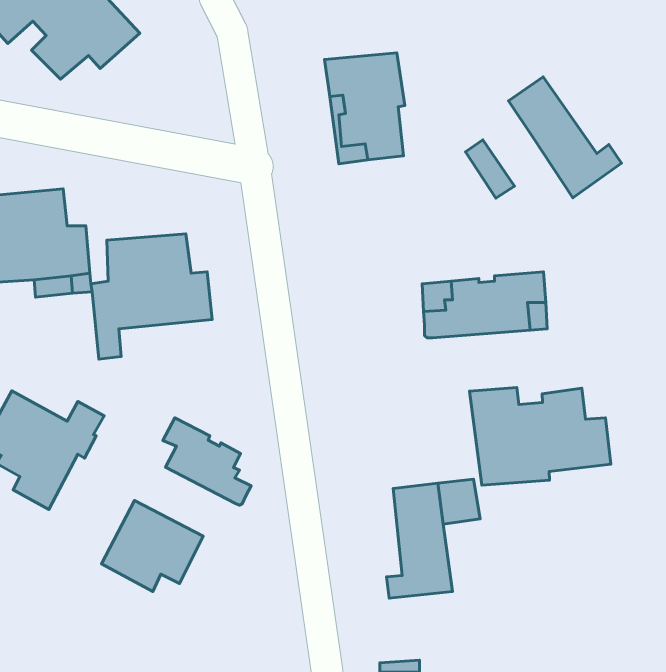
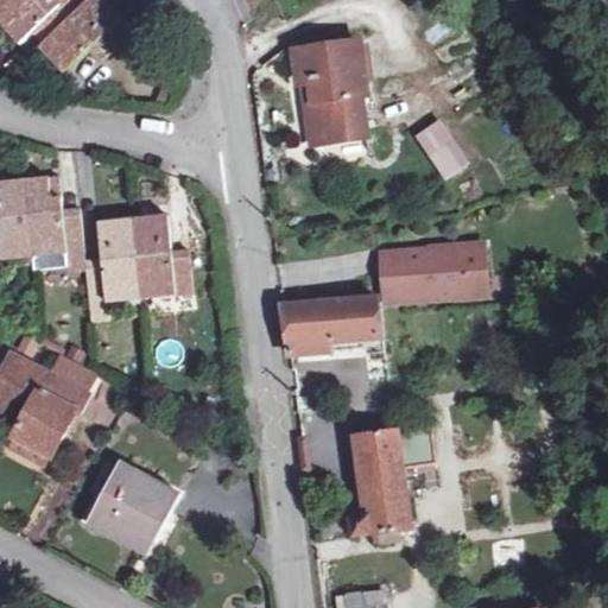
building: [508,77,621,198] -> none
building: none -> [278,302,382,349]
building: [470,387,611,485] -> none
building: [163,418,251,505] -> none

